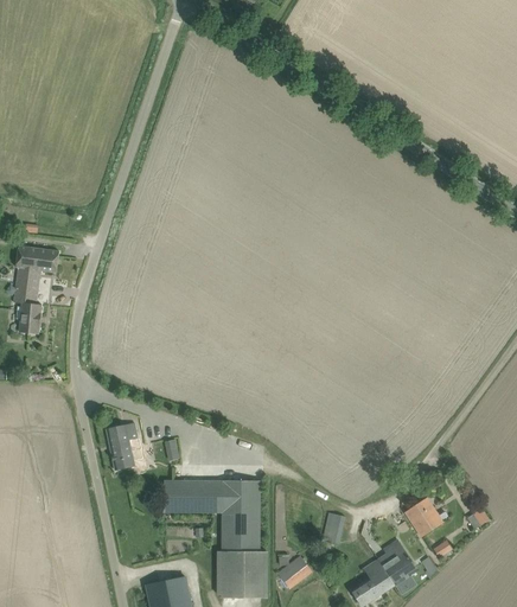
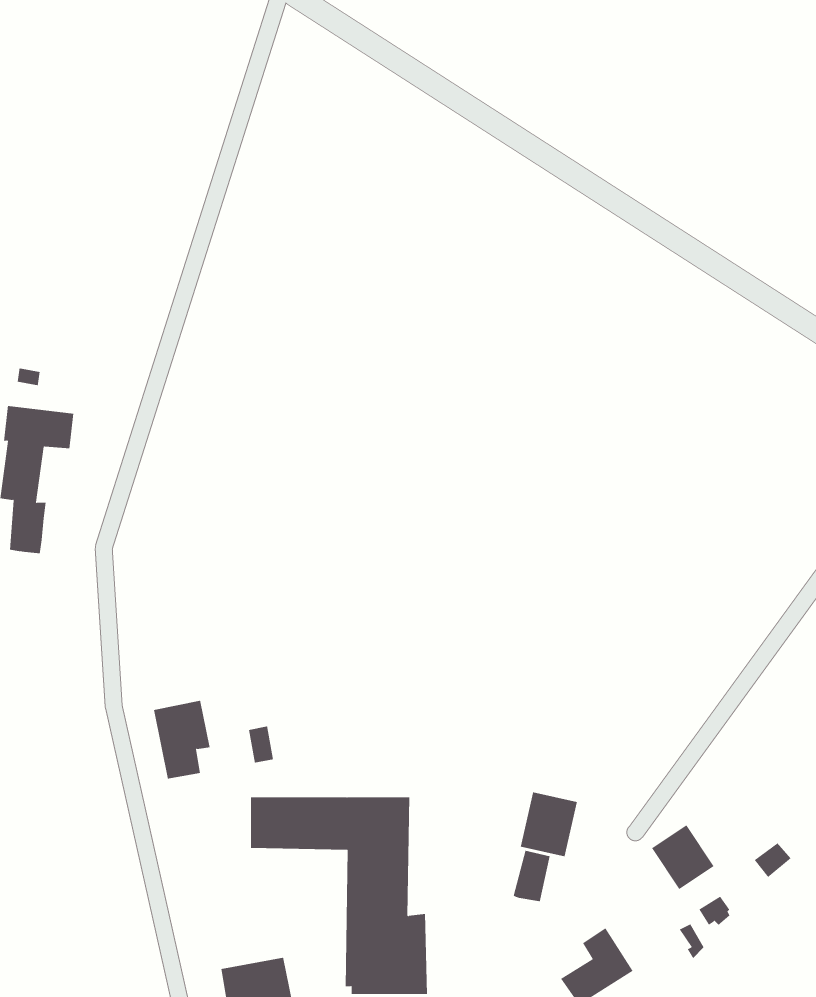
building: none -> [520,791,578,857]
building: [377,544,417,584] -> none
building: [279,556,312,587] -> none

